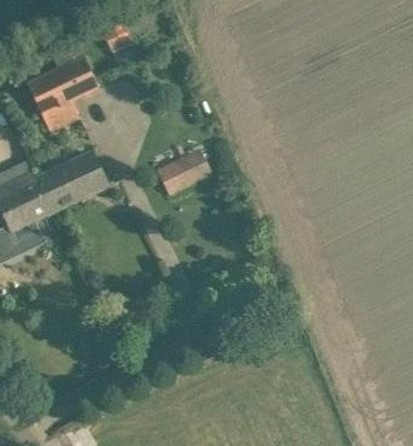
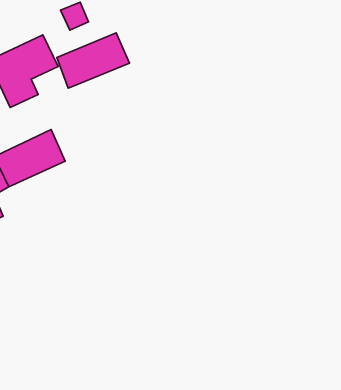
building: none -> [57,33,129,88]
building: [156,148,211,195] -> none

